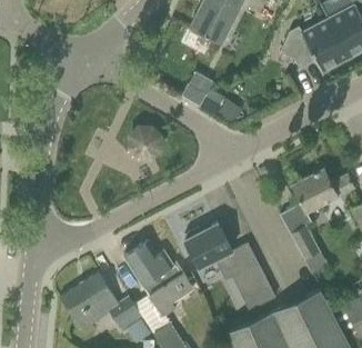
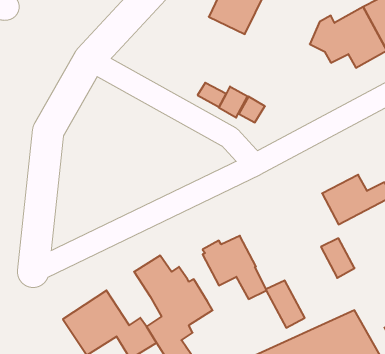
building: [127,123,164,161] -> none

